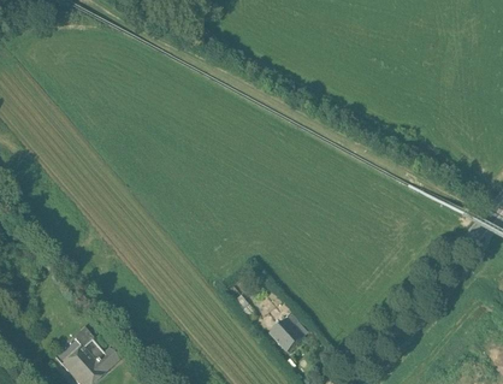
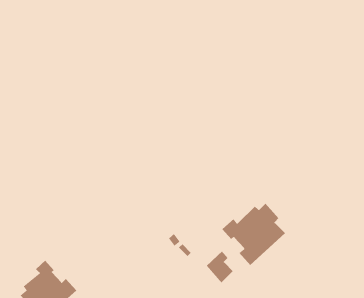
building: none -> [222,203,286,266]

